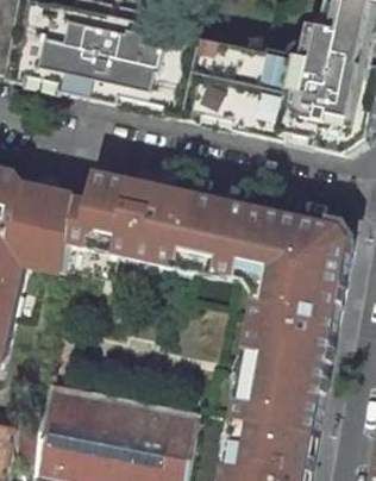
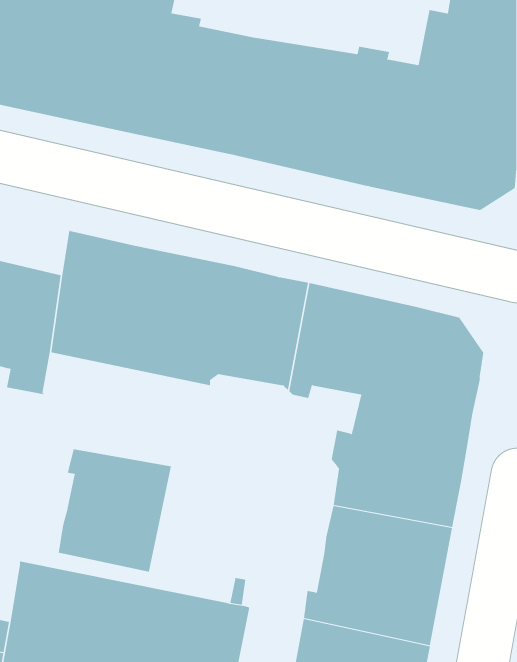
building: none -> [58,449,171,572]

